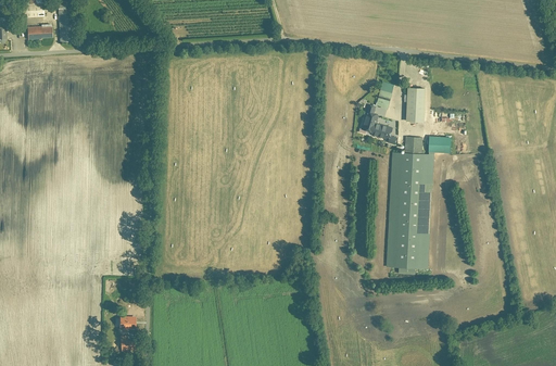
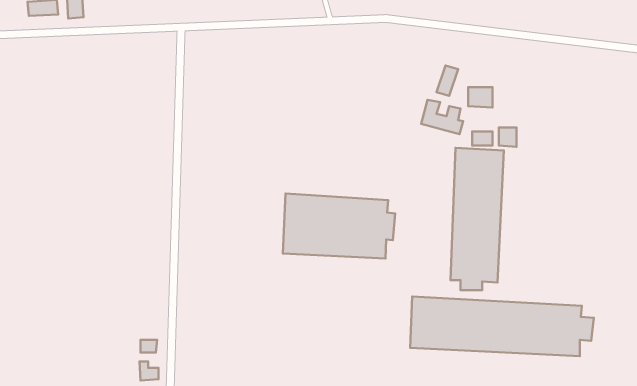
building: none -> [283,194,395,258]
building: none -> [410,296,594,356]

